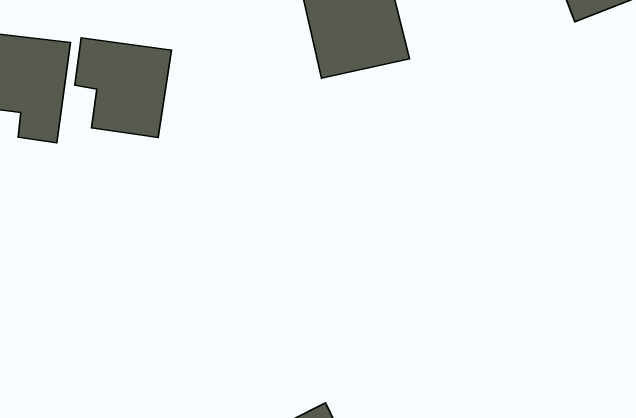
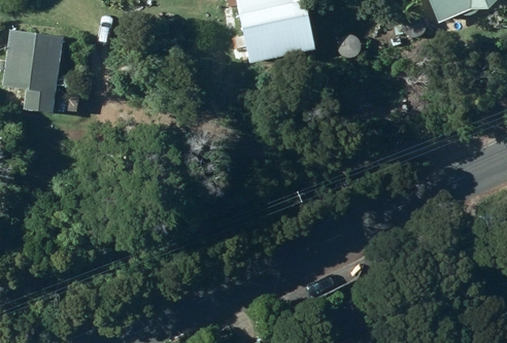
building: [75,38,171,138] -> none

